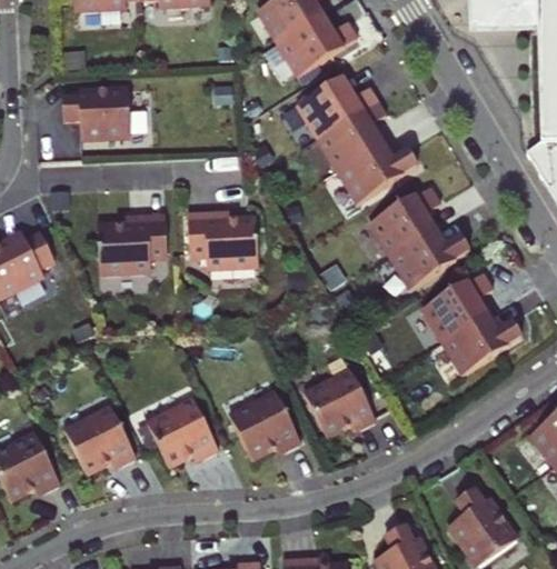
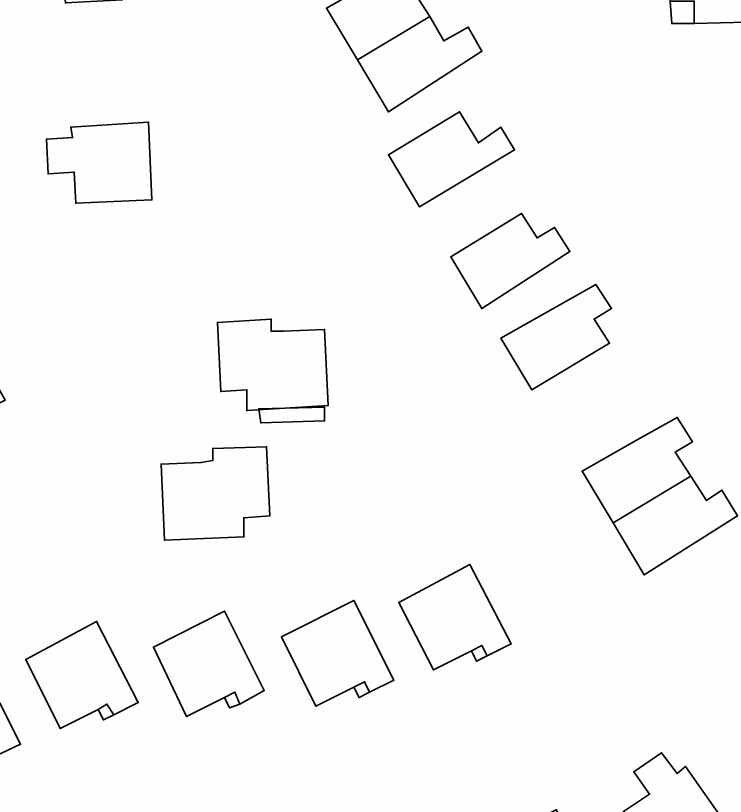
building: [317,101,386,170] -> none
building: [97,213,167,273] -> [161,447,270,540]
building: [389,226,469,289] -> none

